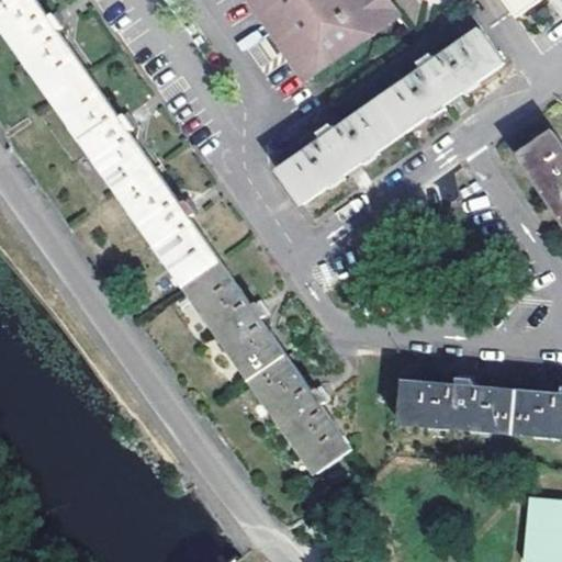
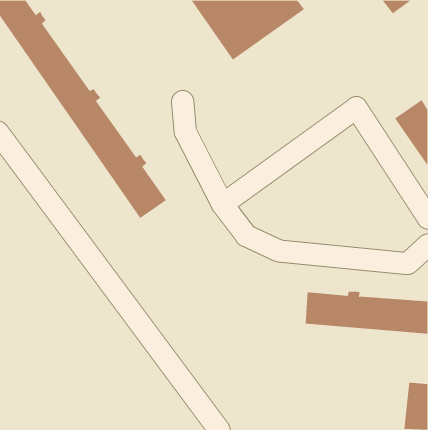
building: [276,30,501,205] -> none
building: [182,261,350,475] -> none

